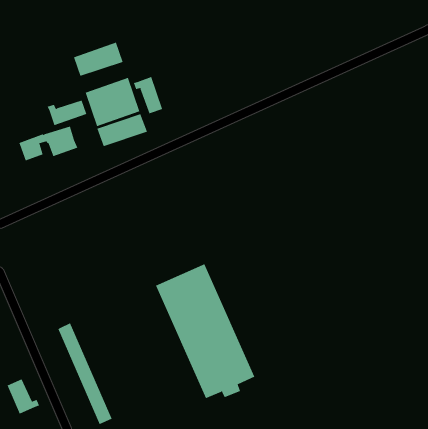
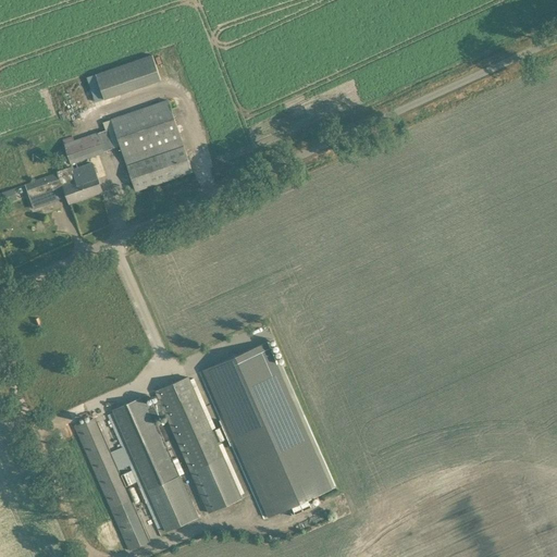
building: [133,76,163,114] -> none
building: none -> [112,376,239,532]
building: [7,379,40,415] -> none

